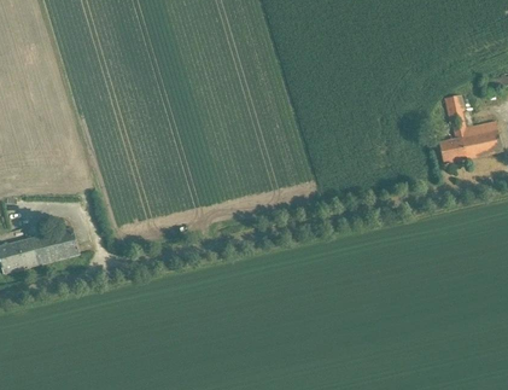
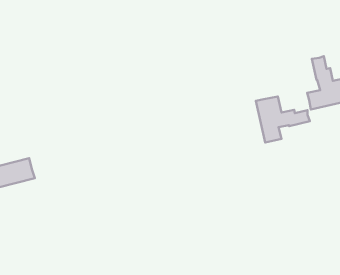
building: none -> [256,97,310,143]

